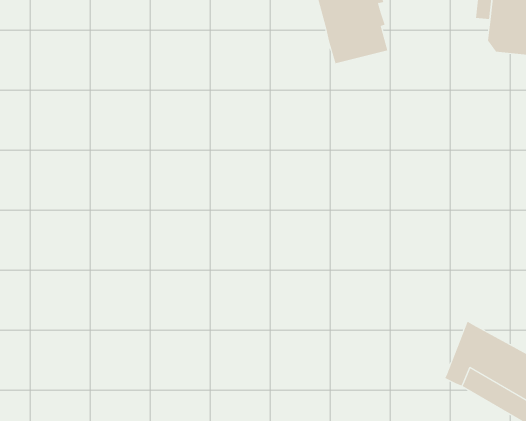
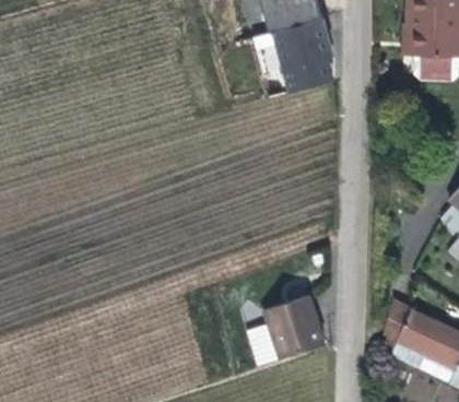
building: none -> [266,291,328,356]

